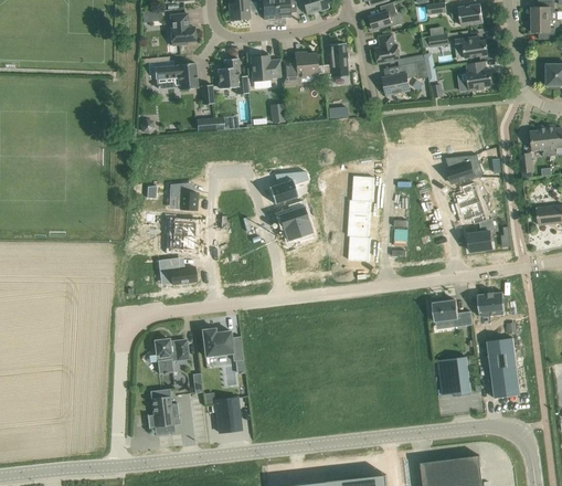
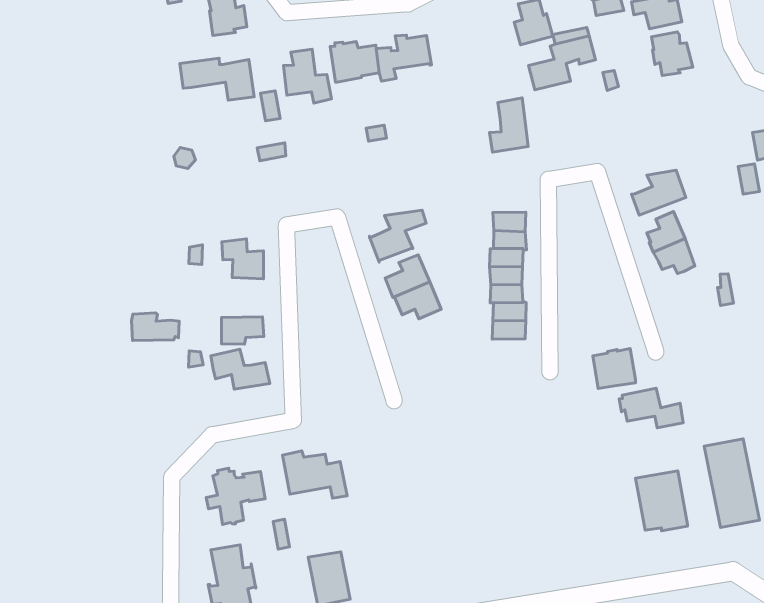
building: [321,42,347,77] -> [490,98,528,152]
building: [166,216,198,235] -> [131,313,179,341]
building: [467,218,495,251] -> none
building: [477,290,505,316] -> [593,349,636,388]

